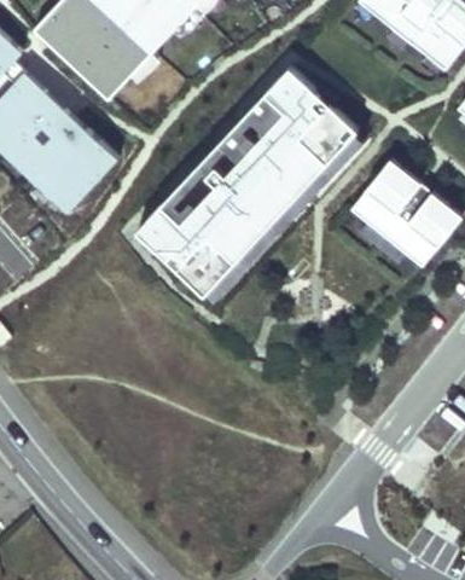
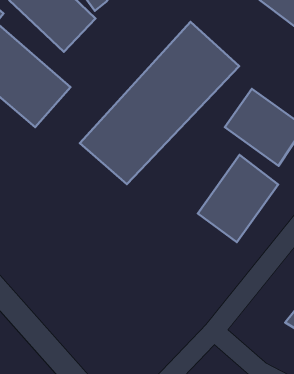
building: none -> [198,155,278,242]

